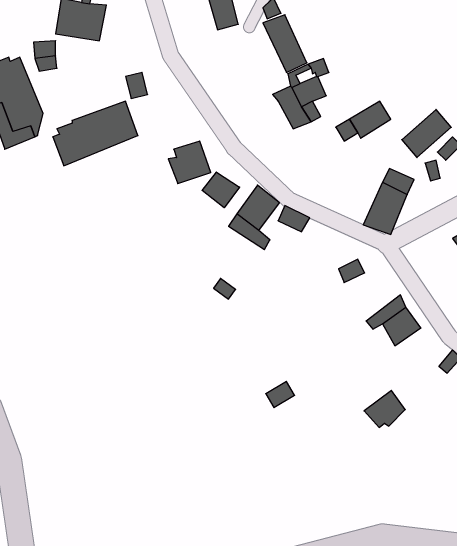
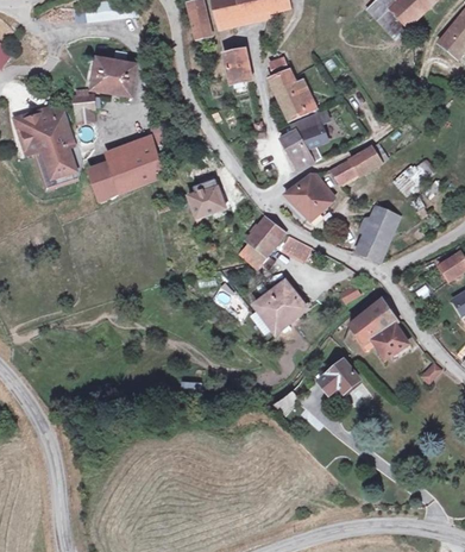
building: none -> [287,172,332,218]
building: [202,172,240,208] -> none
building: none -> [257,283,306,331]
building: none -> [350,297,390,335]
building: [364,390,405,427] -> [322,359,358,391]

